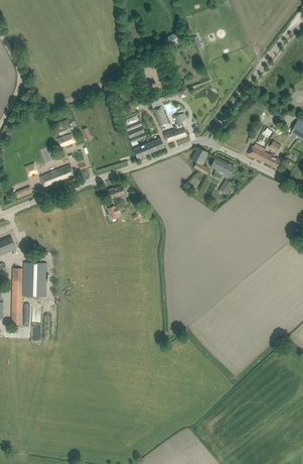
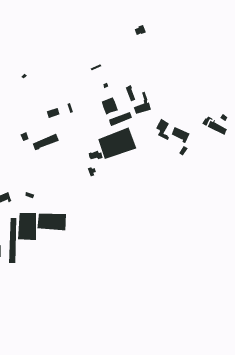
building: none -> [98,126,137,160]
building: none -> [37,213,66,231]

